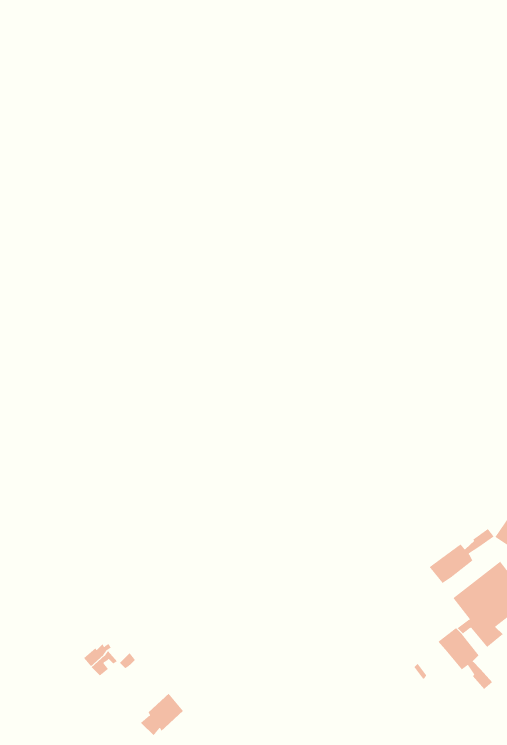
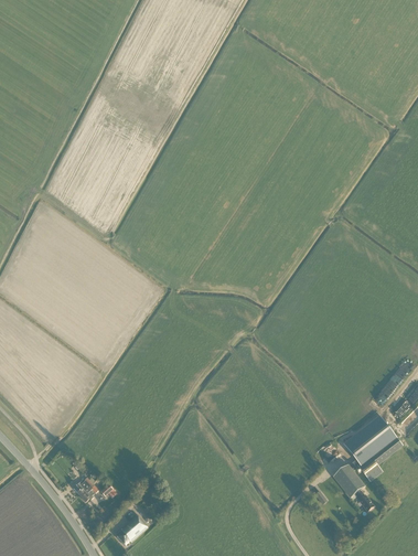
building: [429,528,494,584] -> none

